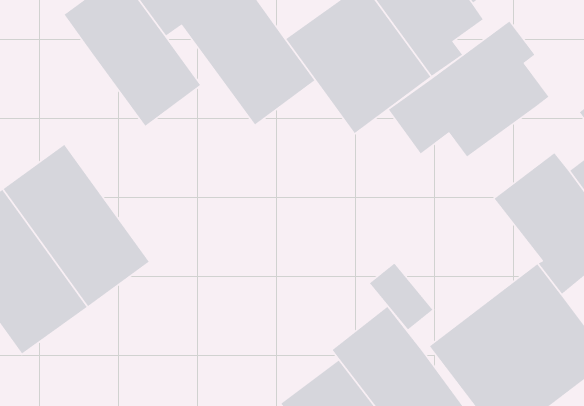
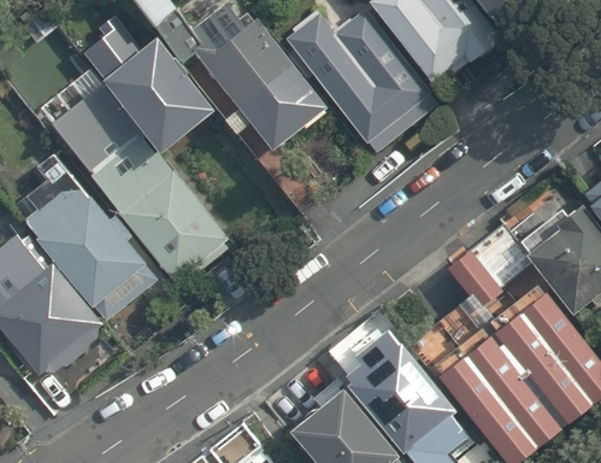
building: [388,21,549,158] -> none
building: none -> [46,82,224,288]
building: [369,262,433,331] -> [442,241,506,309]

